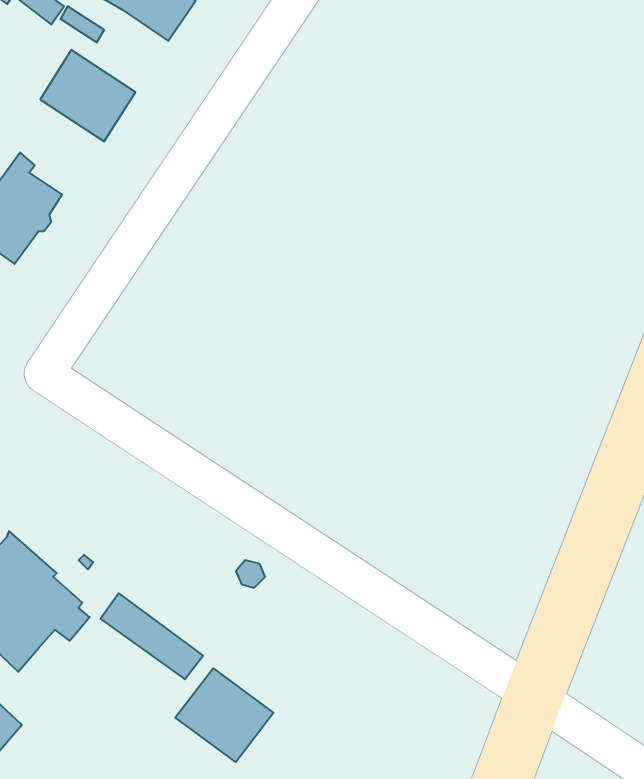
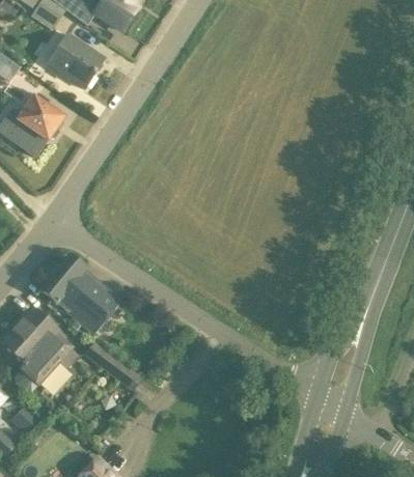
building: none -> [42,256,122,334]
building: [175,668,273,762] -> none

